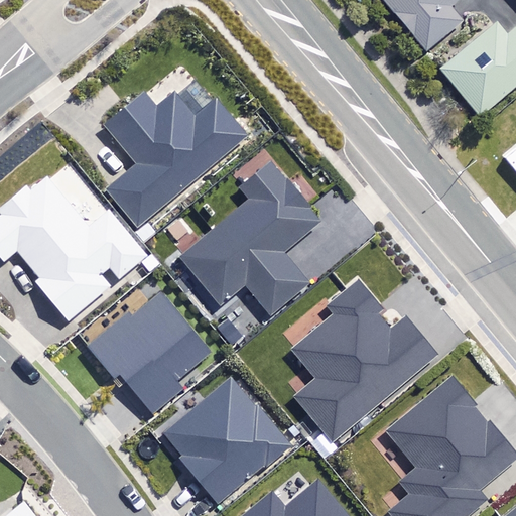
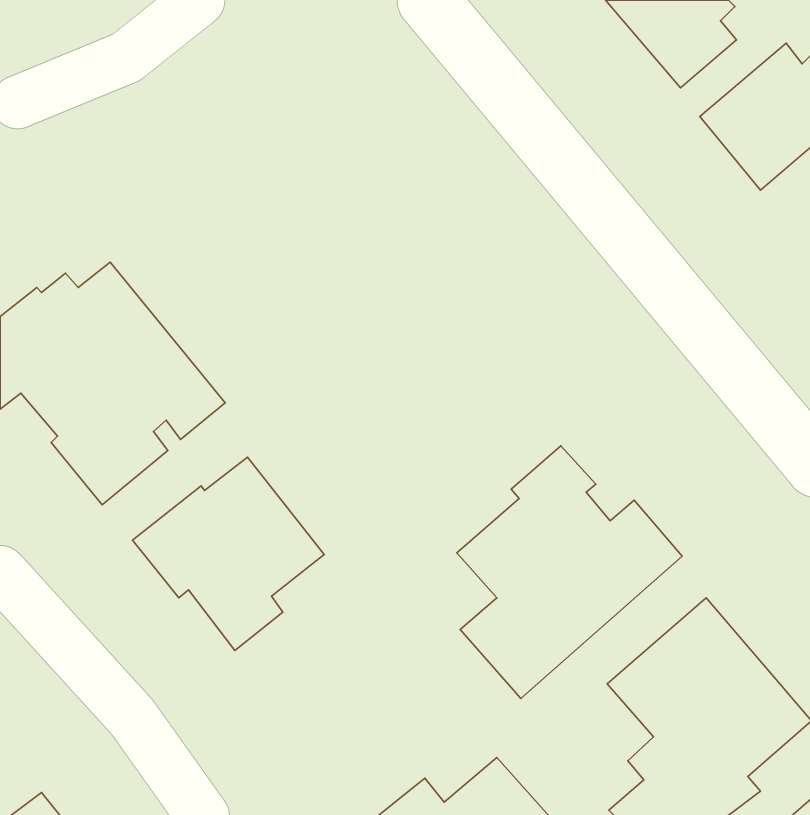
building: [104,91,247,225] -> none
building: [179,159,320,315] -> none
building: [162,377,288,503] -> none

